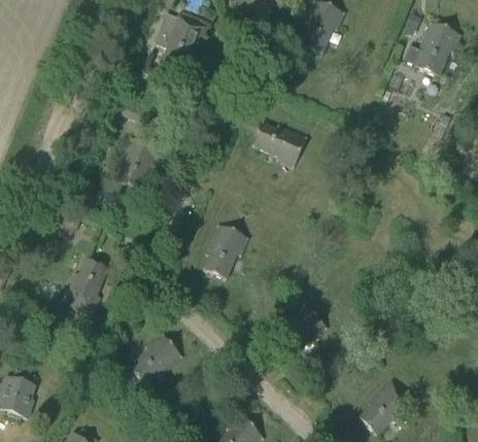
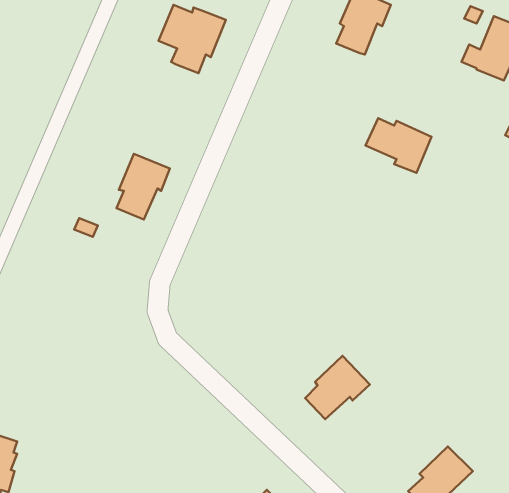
building: [252,122,307,167] -> [366,118,431,173]
building: [204,225,245,278] -> none
building: [63,258,109,315] -> none
building: [129,332,182,385] -> none

